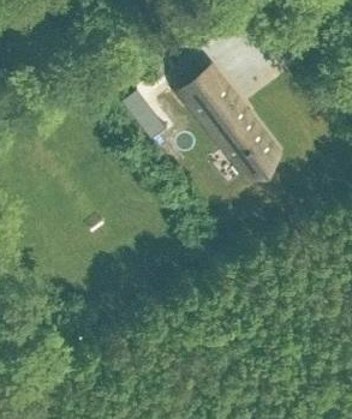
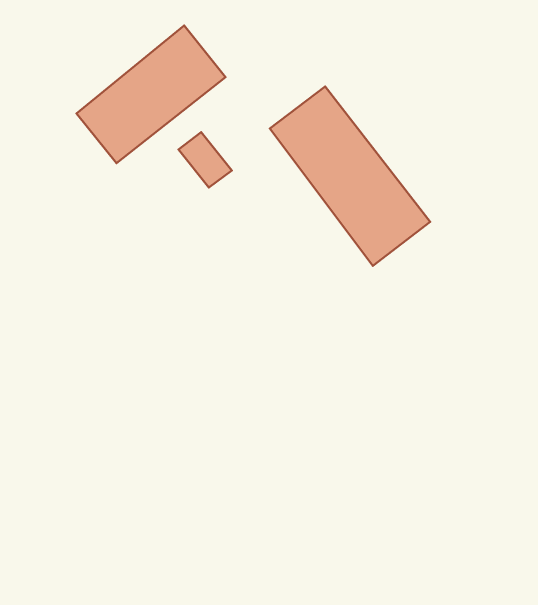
building: none -> [77,25,225,163]

